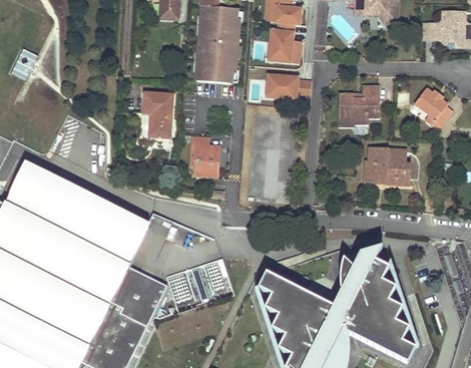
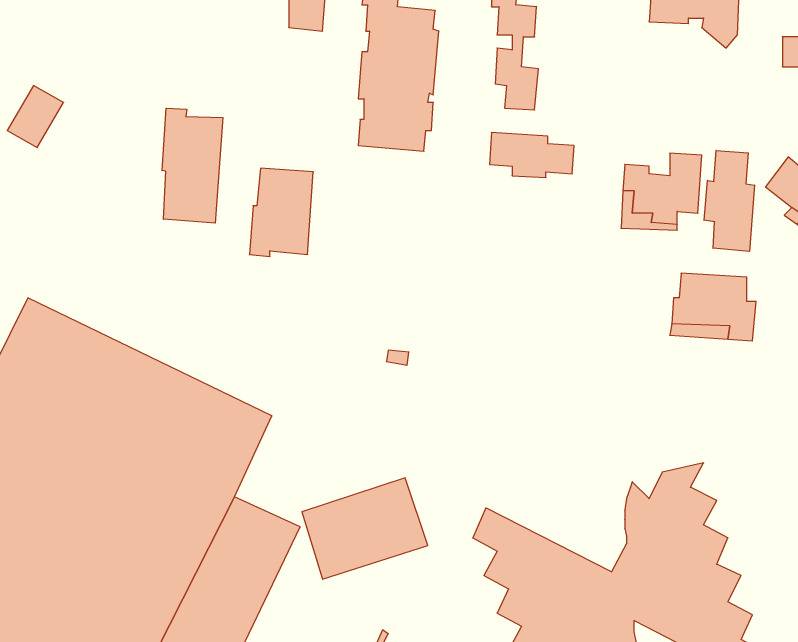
building: none -> [162,108,223,223]
building: none -> [704,150,754,251]
building: [192,136,218,176] -> none

